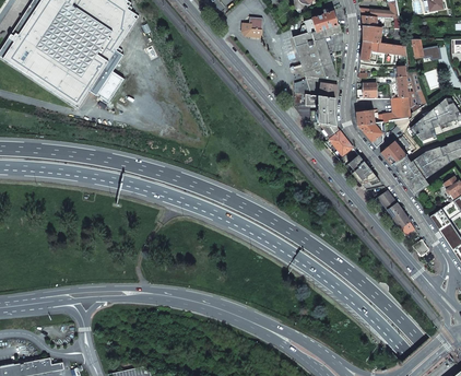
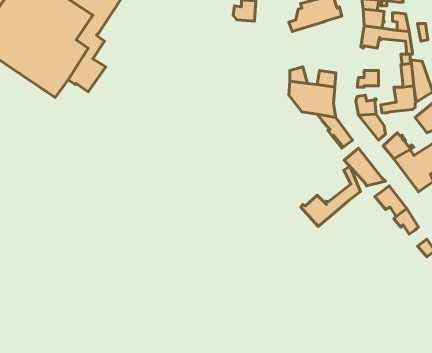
building: [297,38,338,80] -> none
building: none -> [301,166,360,226]

